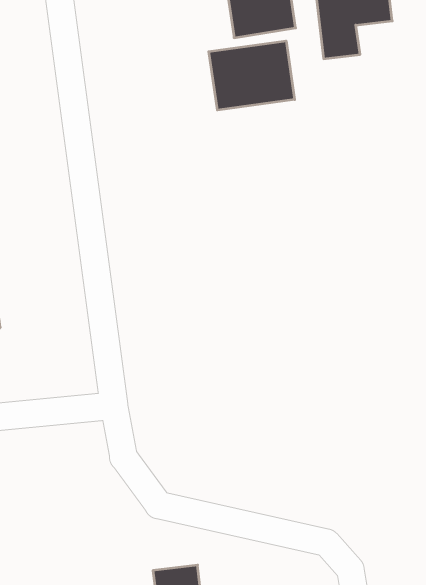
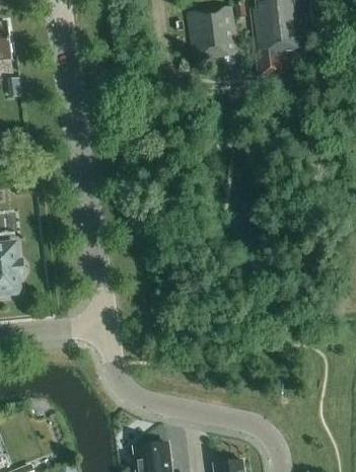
building: [209,41,295,110] -> none

